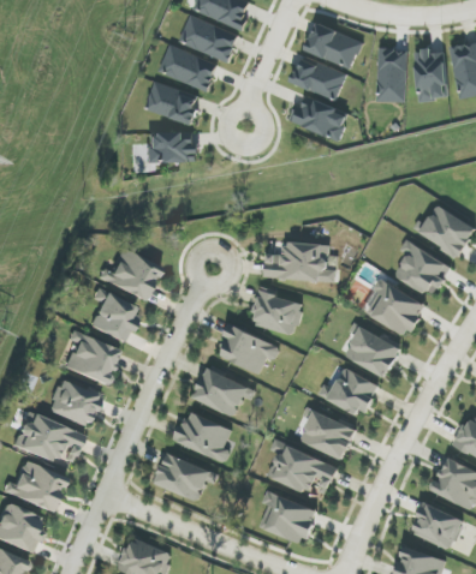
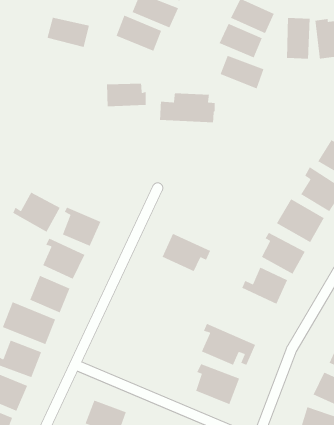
building: [144,84,200,124] -> [47,17,90,48]
building: [264,243,337,282] -> [159,92,216,123]
building: [97,249,160,301] -> [12,191,61,233]
building: [251,292,303,335] -> none
building: [192,367,256,417] -> none
building: [299,409,356,460] -> none
building: [174,411,232,464] -> none
building: [154,454,219,501] -> none

